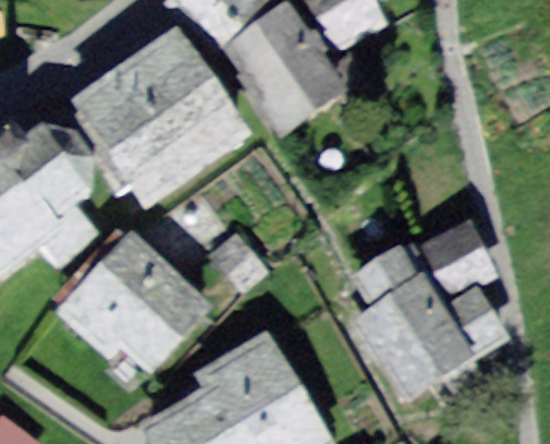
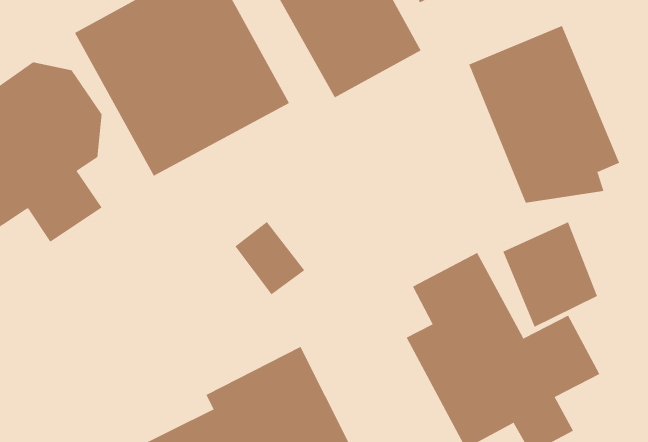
building: none -> [468,25,620,204]
building: [57,231,212,372] -> none

